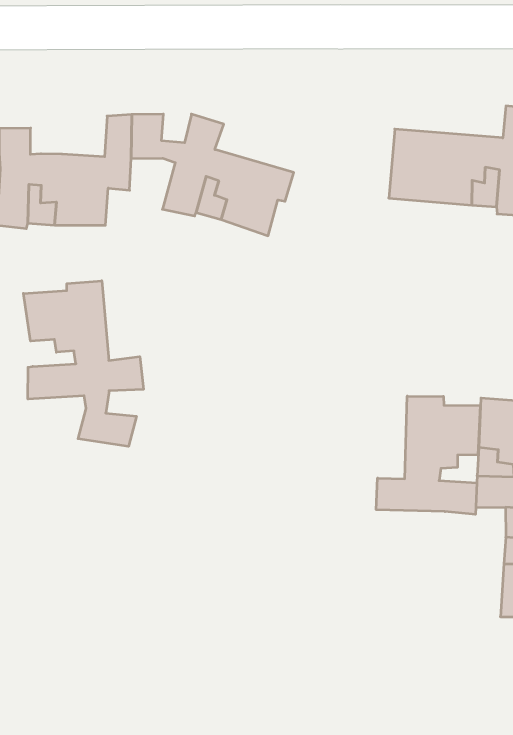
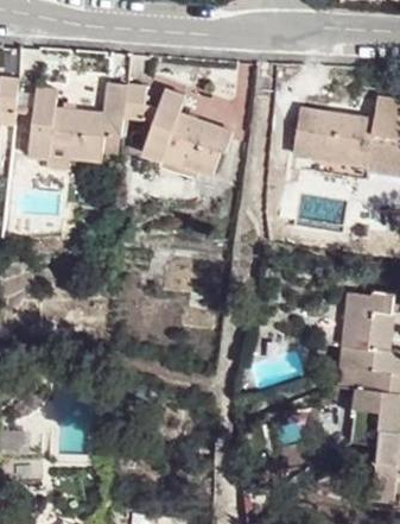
building: [23,281,143,446] -> none
building: [376,396,480,514] -> none

